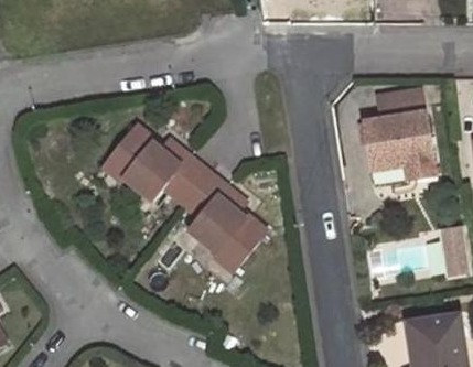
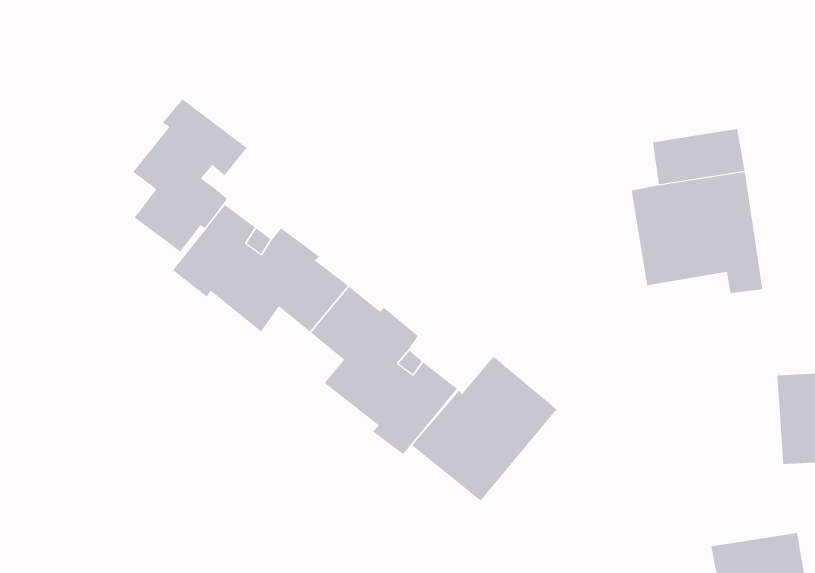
building: none -> [132,98,248,252]
building: none -> [411,356,558,502]

